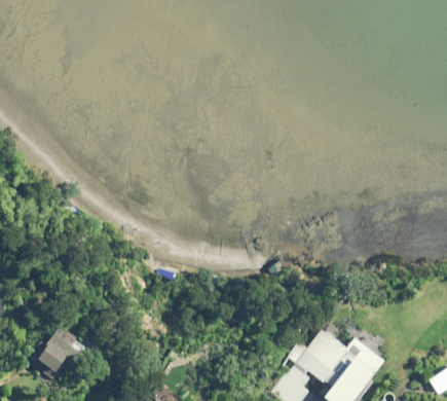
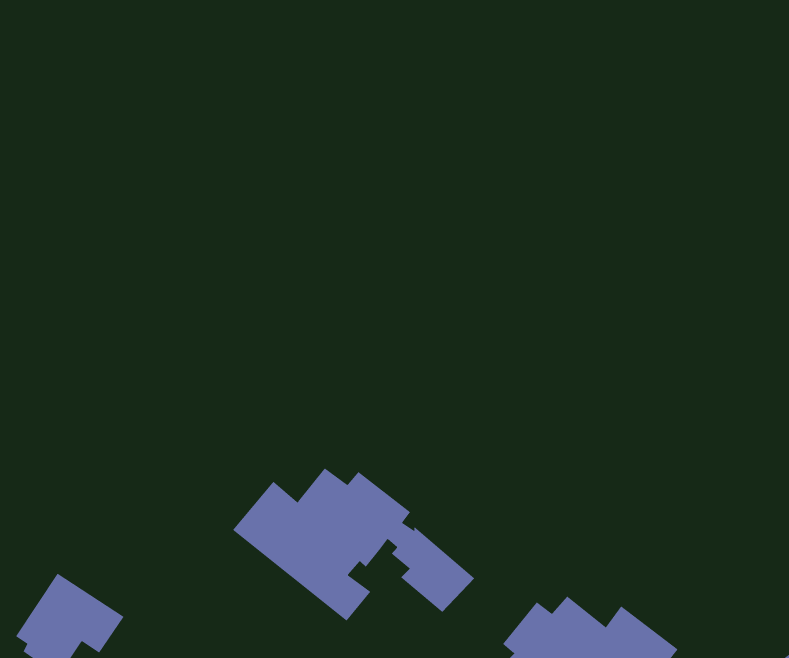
building: none -> [232,467,475,622]

